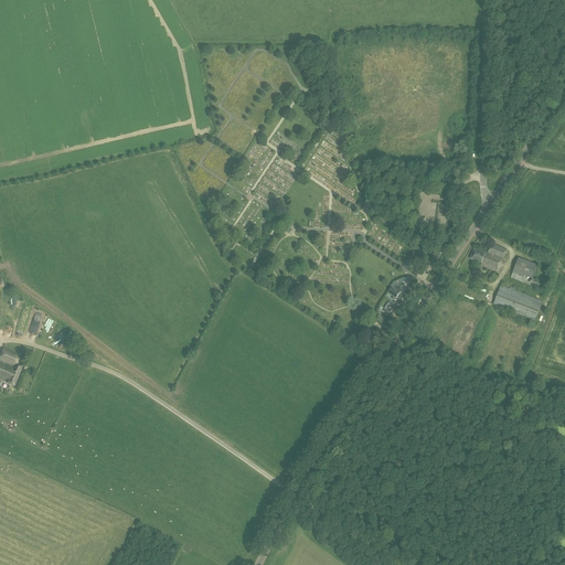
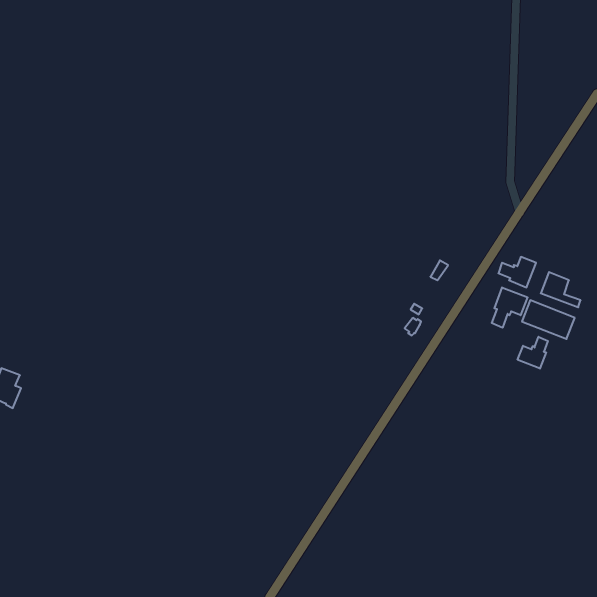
building: none -> [492,287,528,328]
building: none -> [518,337,548,369]

